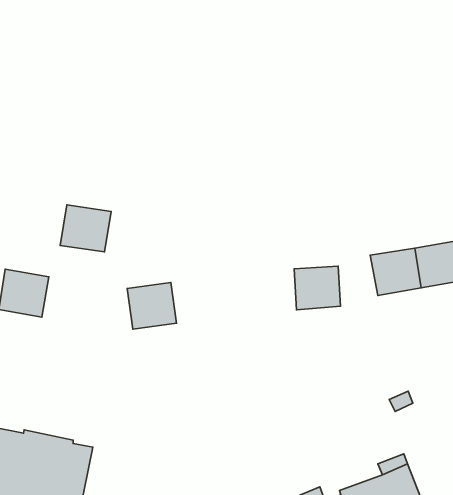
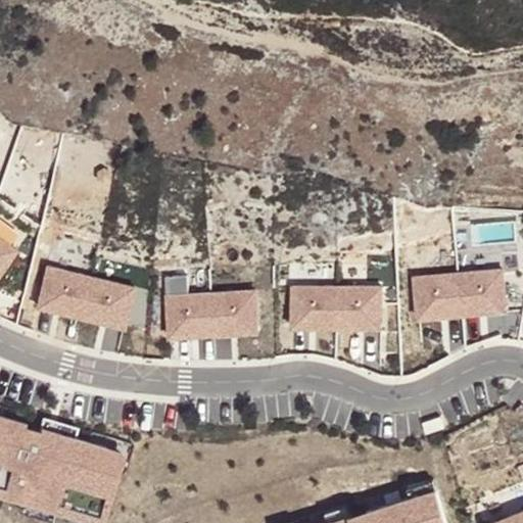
building: [60,205,111,252] -> [80,280,133,329]
building: none -> [289,287,334,328]
building: none -> [210,289,258,334]

